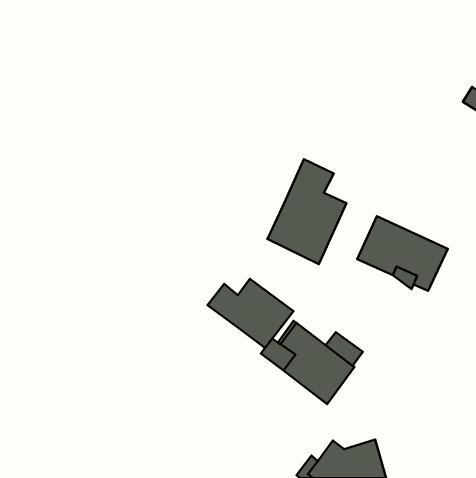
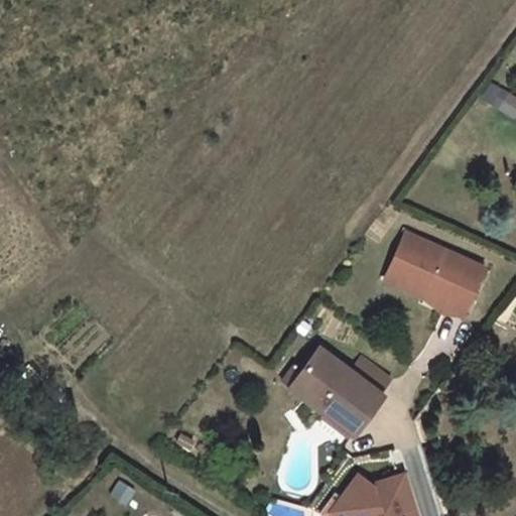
building: [267,159,347,264] -> none
building: [208,279,294,348] -> none

